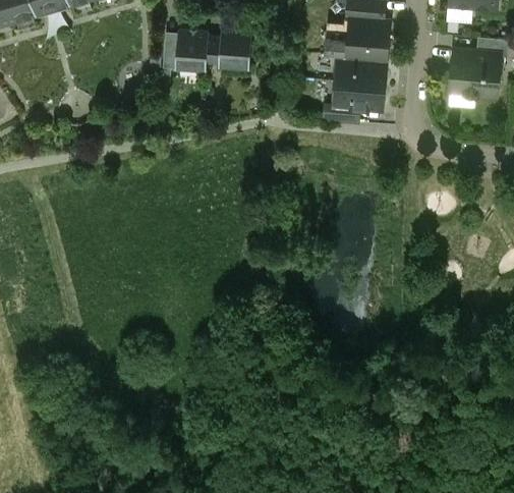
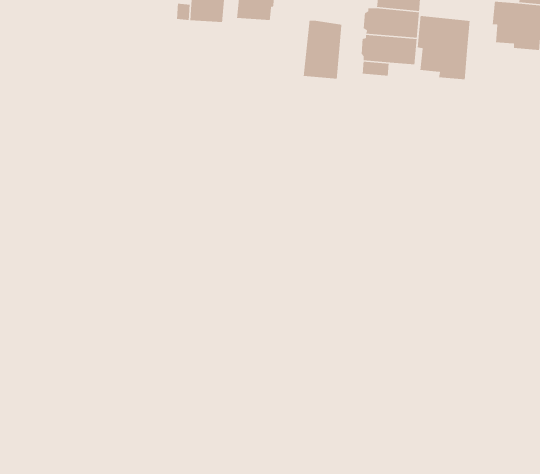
building: none -> [417,15,470,80]
building: none -> [303,20,342,80]

